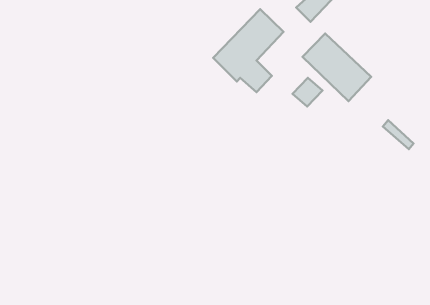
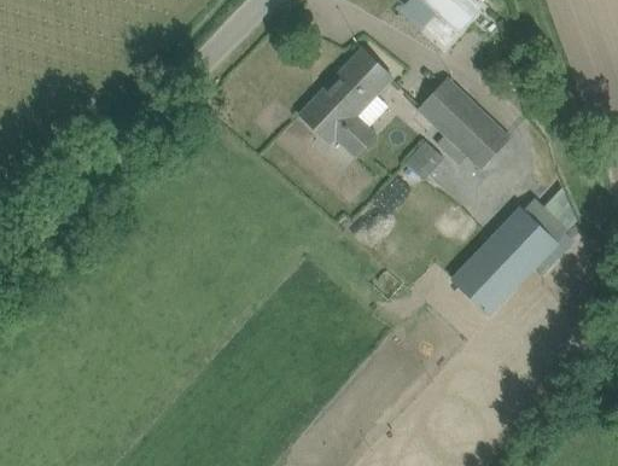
building: none -> [451,206,556,314]

